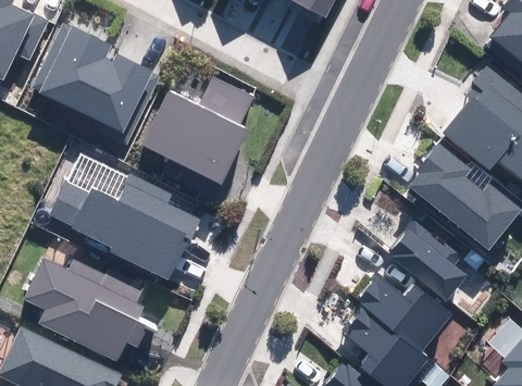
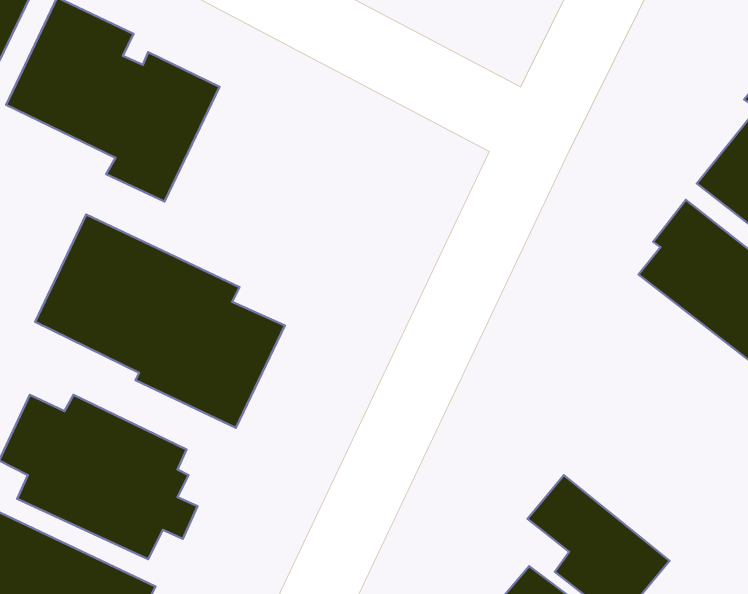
building: [144,78,252,186] -> none
building: [389,217,465,299] -> none
building: [359,276,452,353] -> none

